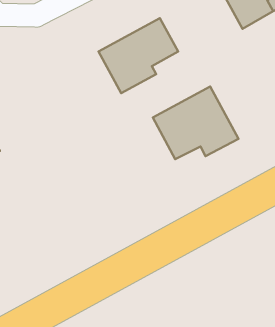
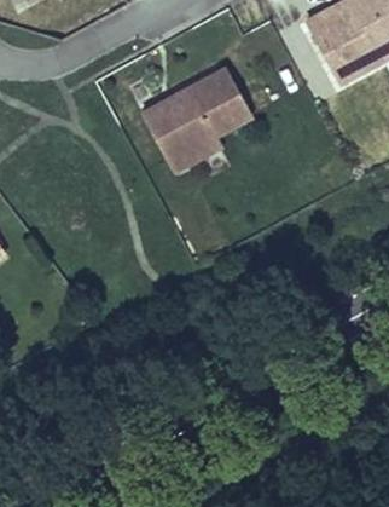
building: [153,86,239,159] -> none

